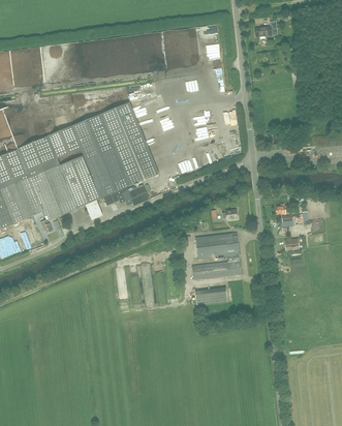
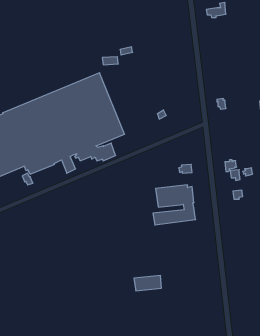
building: [195,286,227,304] -> [134,276,161,291]

